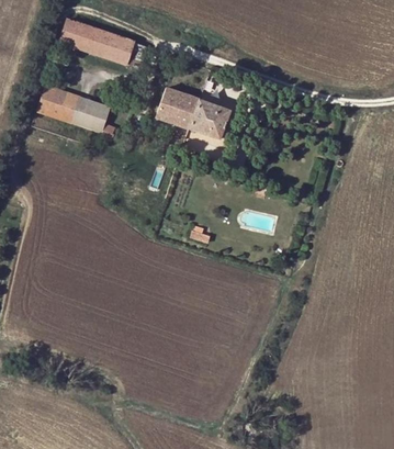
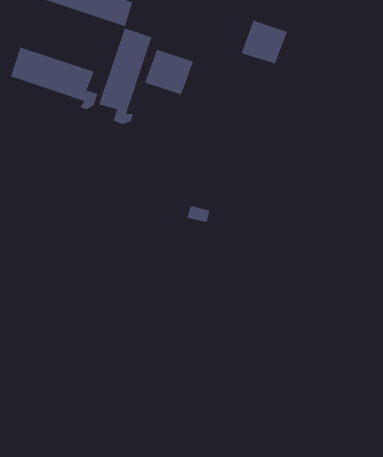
building: none -> [99,28,152,125]
building: [187,98,228,137] -> [241,20,288,64]

